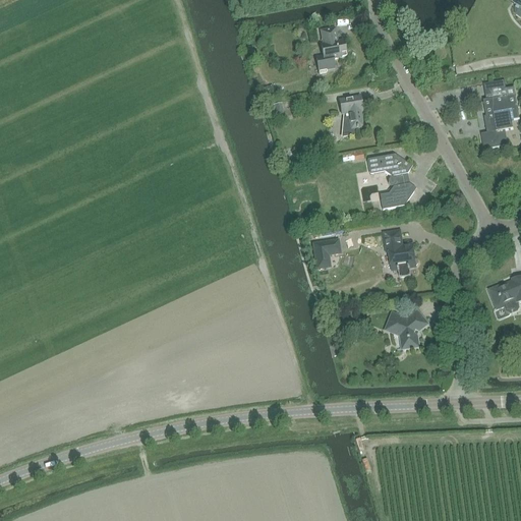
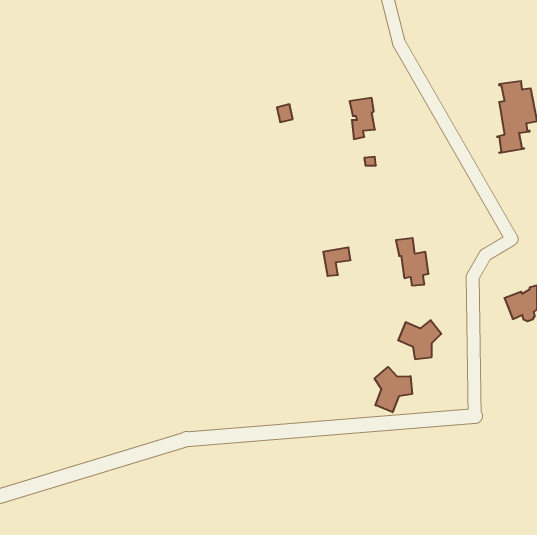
building: [315,25,345,71] -> none
building: [366,153,413,208] -> none
building: none -> [375,367,412,412]

